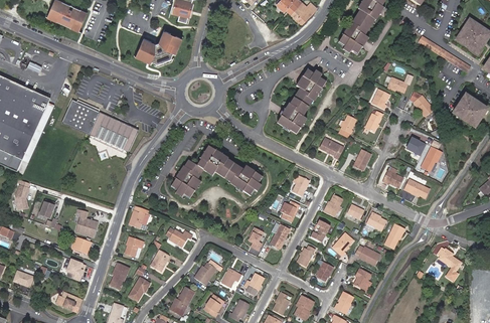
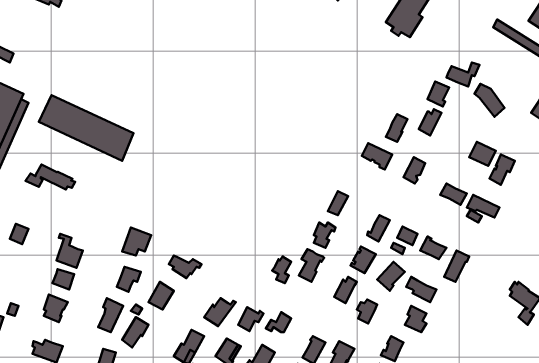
building: [137,30,180,62] -> none
building: [277,69,326,134] -> none
building: [172,146,262,197] -> none
building: none -> [25,164,75,189]

